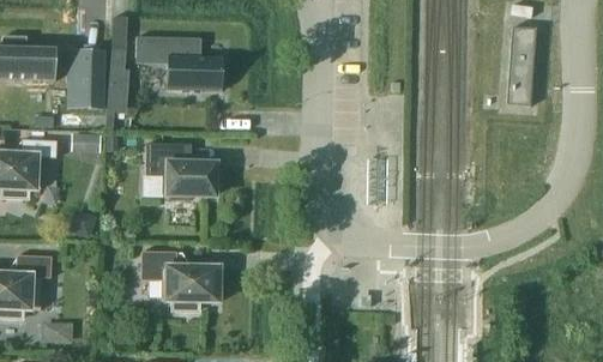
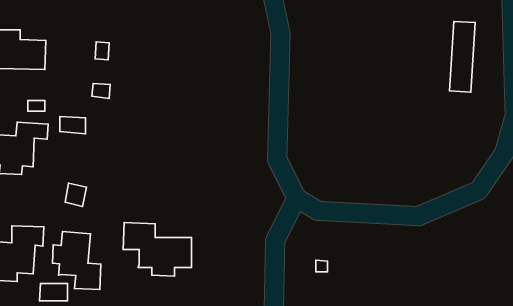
building: [134,36,221,90] -> none
building: [77,49,102,111] -> none
building: [143,139,218,197] -> none
building: none -> [53,232,101,289]

